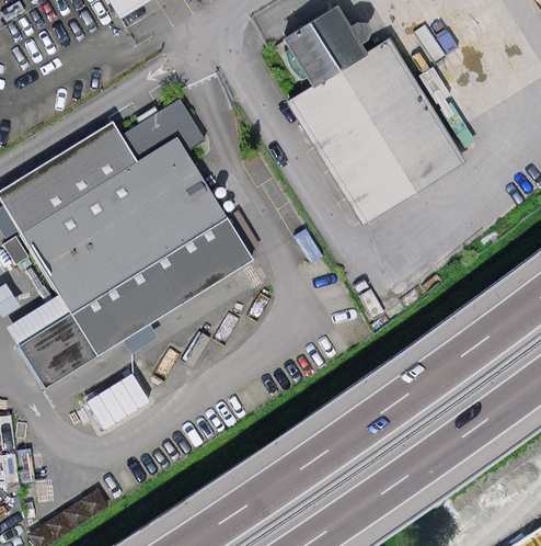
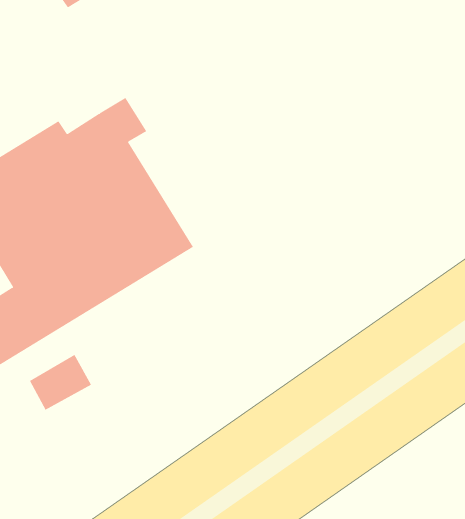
building: [290,14,460,219] -> none

